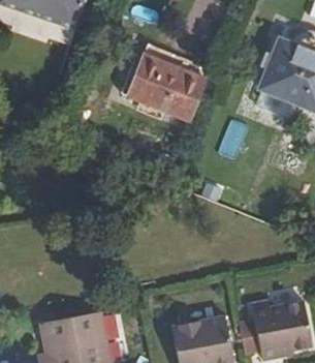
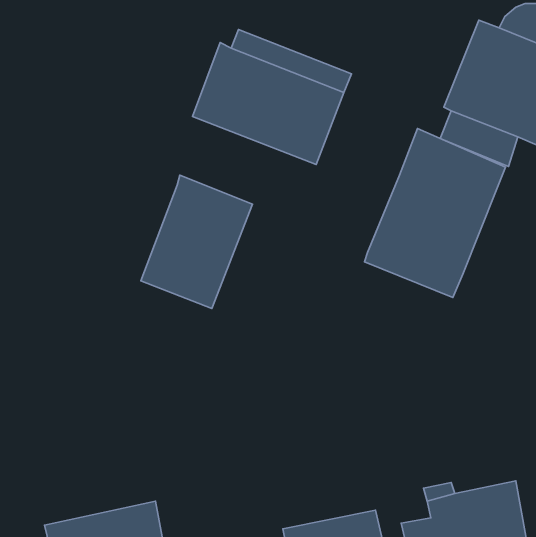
building: none -> [364,129,506,297]
building: none -> [141,175,252,309]

